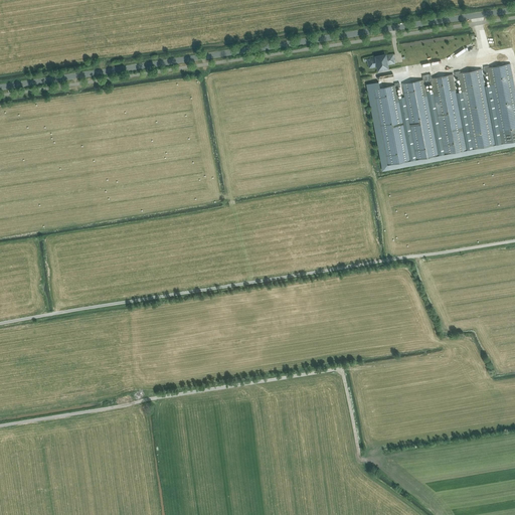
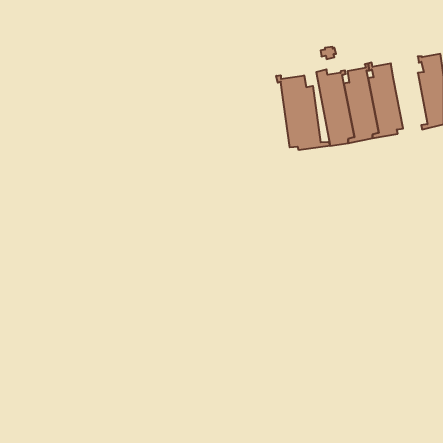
building: [456,67,496,155] -> none
building: none -> [276,75,330,150]

